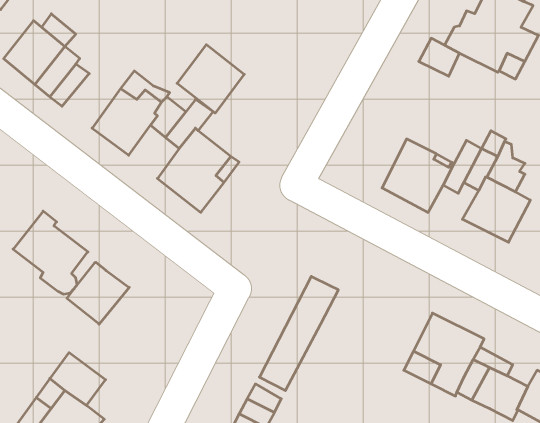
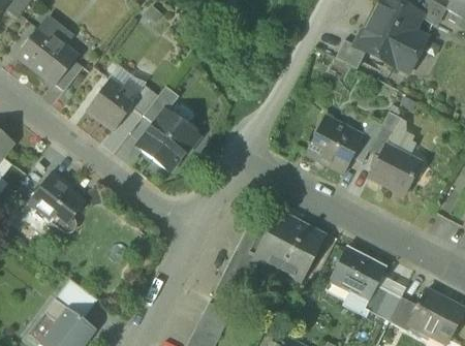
building: [177,45,244,113] -> none
building: [67,262,129,324] -> none
building: none -> [260,212,323,279]

